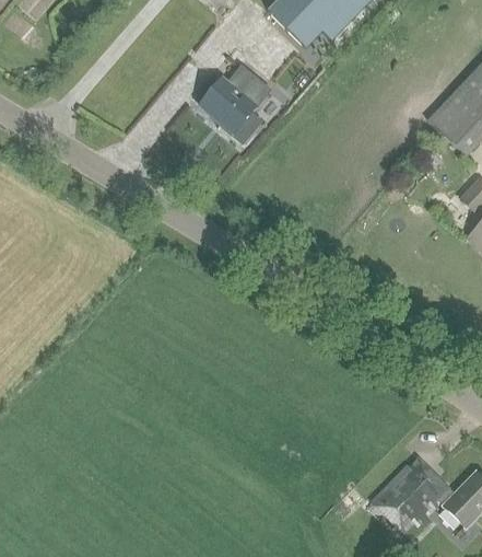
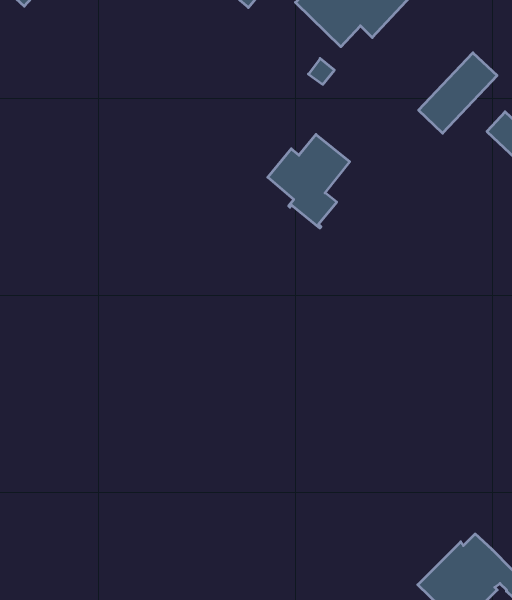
building: none -> [419,53,497,133]
building: [200,66,269,144] -> [268,134,350,228]

